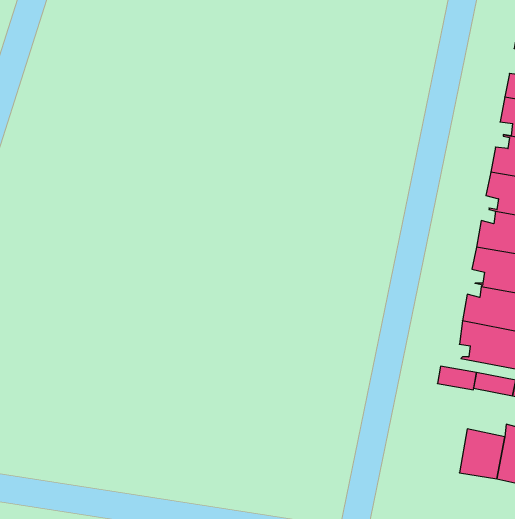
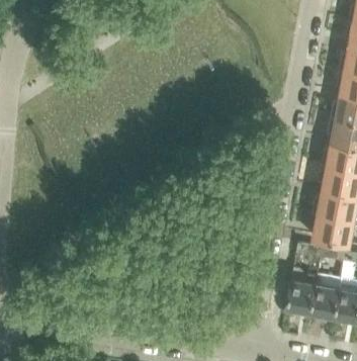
building: none -> [284,277,315,312]

